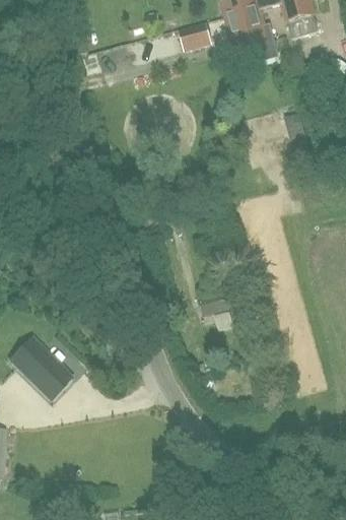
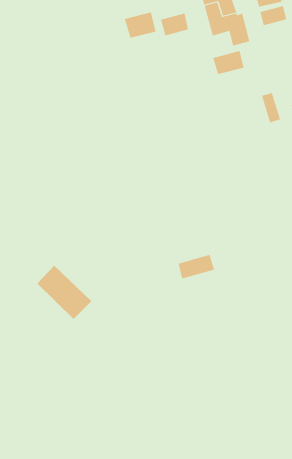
building: none -> [124,12,156,39]
building: none -> [213,50,244,75]
building: [10,336,71,396] -> [37,265,92,320]

